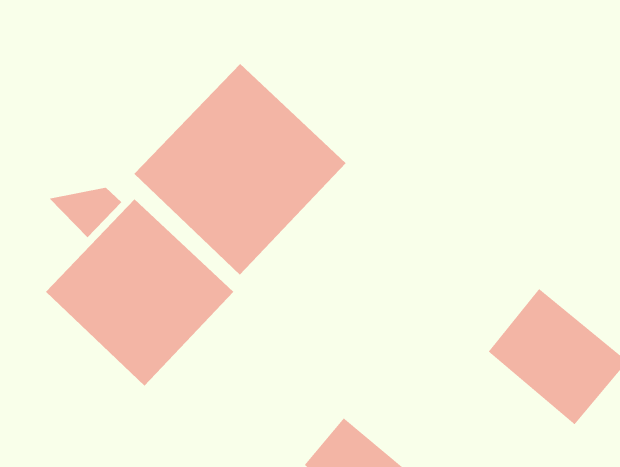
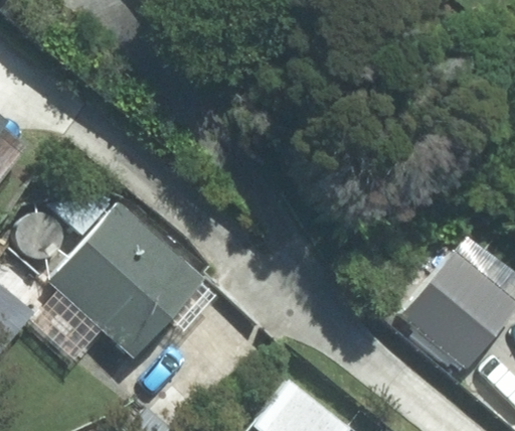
building: [134,63,346,275] -> none

